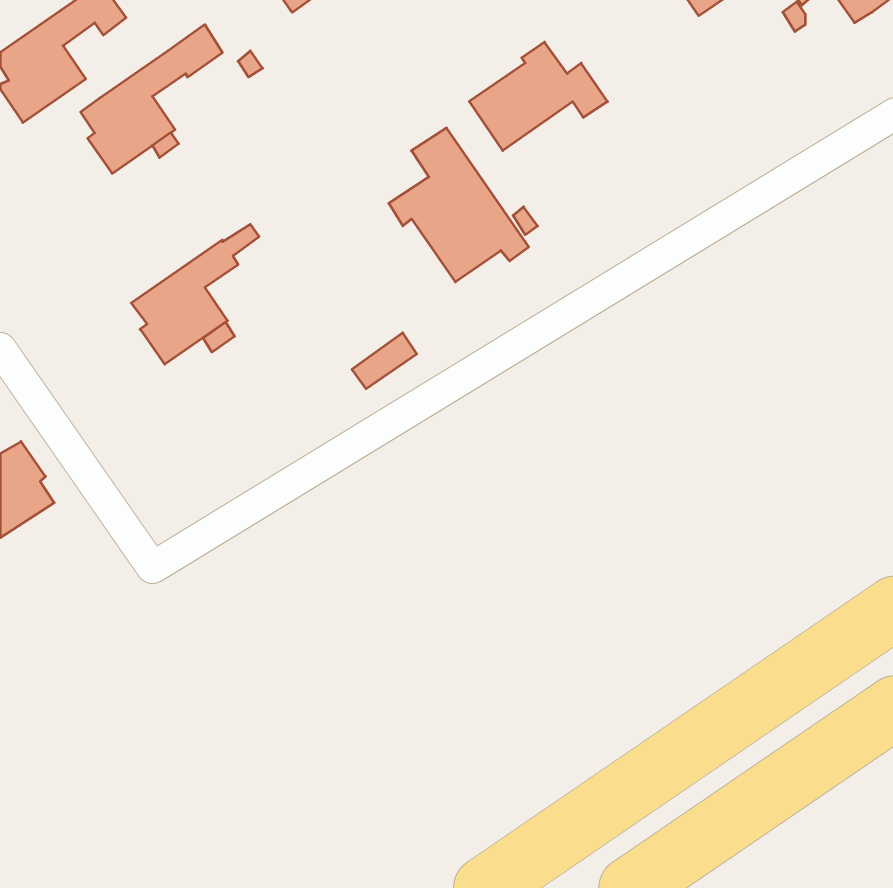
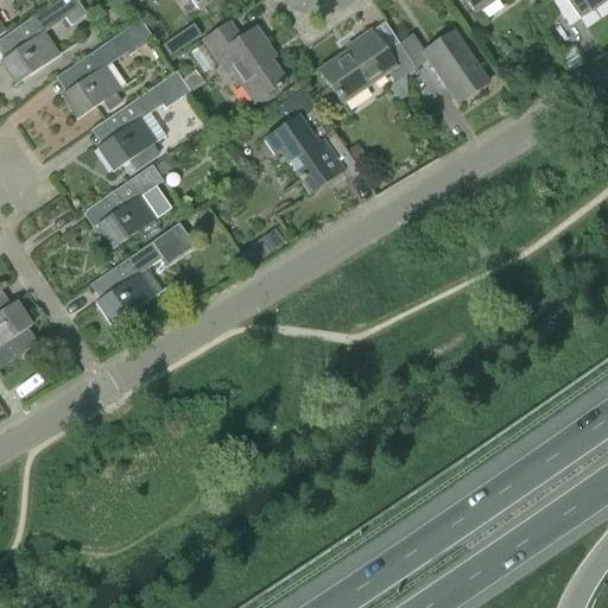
building: none -> [203,19,285,101]
building: none -> [395,28,488,101]
building: none -> [96,70,190,170]
building: none -> [95,211,203,324]

